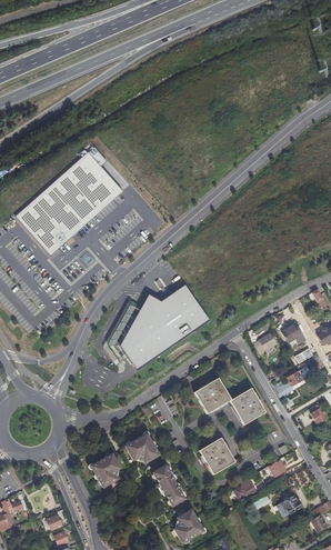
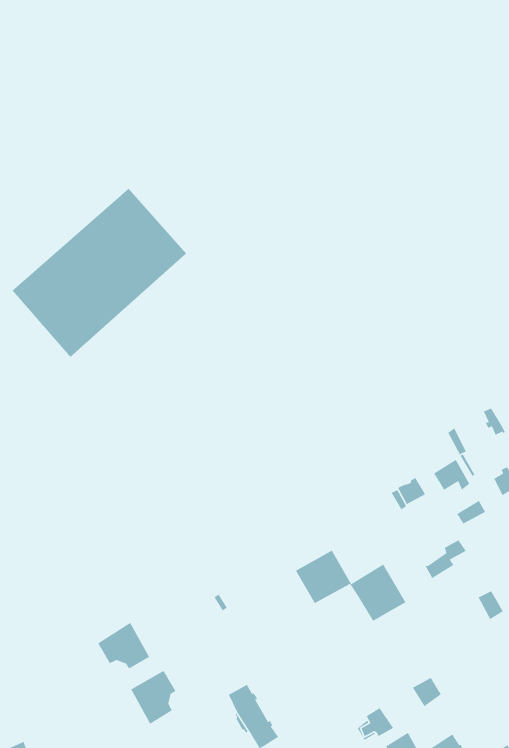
building: [121,283,210,369] -> none
building: [126,432,159,462] -> [97,622,150,670]
building: [199,437,234,473] -> none

